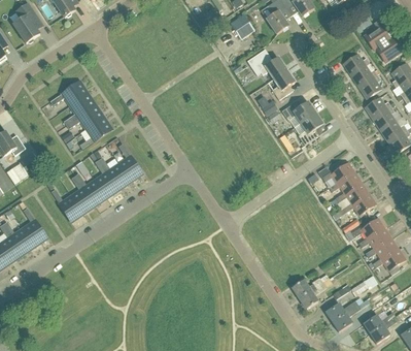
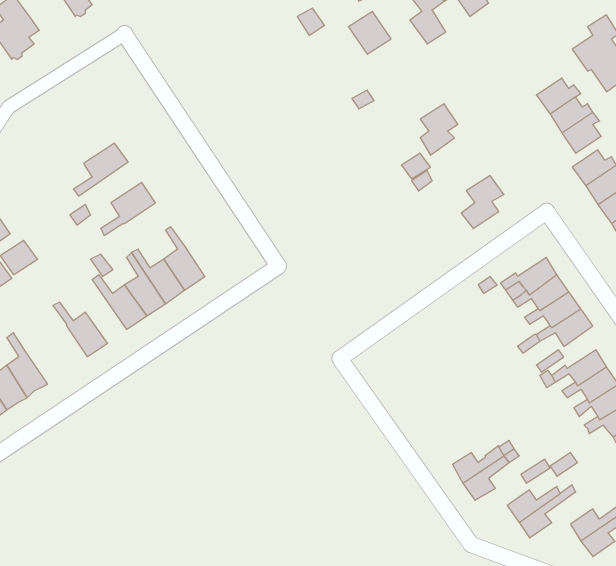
building: [246,49,286,78] -> none
building: [49,81,88,105] -> none
building: [281,100,314,122] -> none
building: [66,104,104,129] -> none
building: [70,176,95,214] -> none

